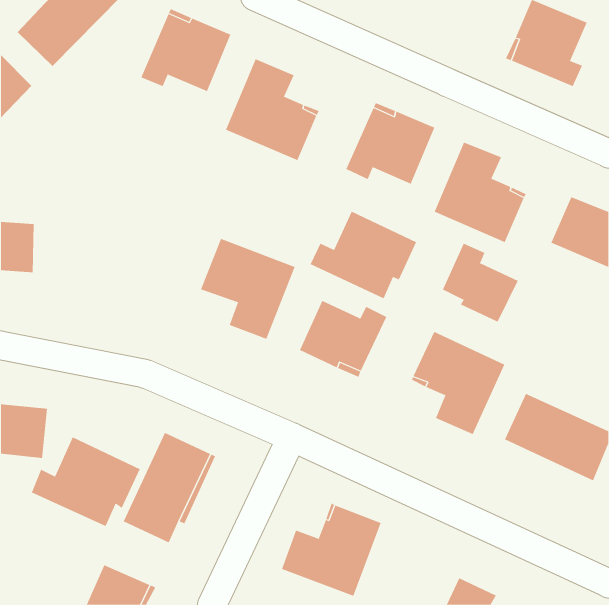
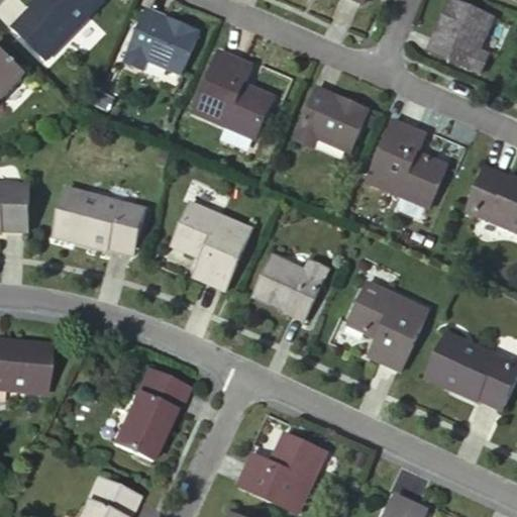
building: [310,211,417,299] -> none
building: none -> [55,192,144,254]
building: [442,243,518,322] -> none
building: [31,437,140,527] -> none

